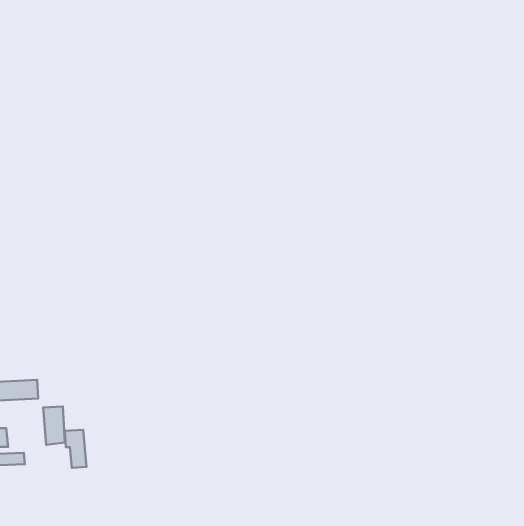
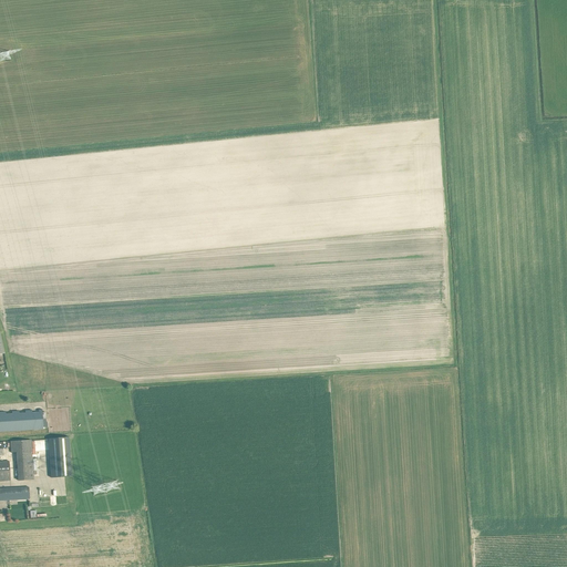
building: [65,430,86,468] -> [9,440,32,481]

